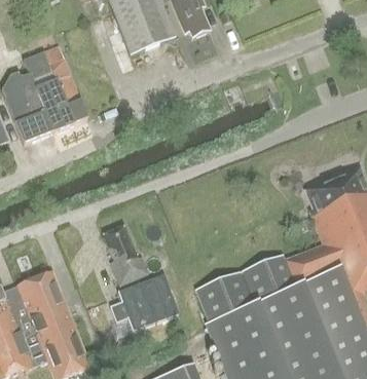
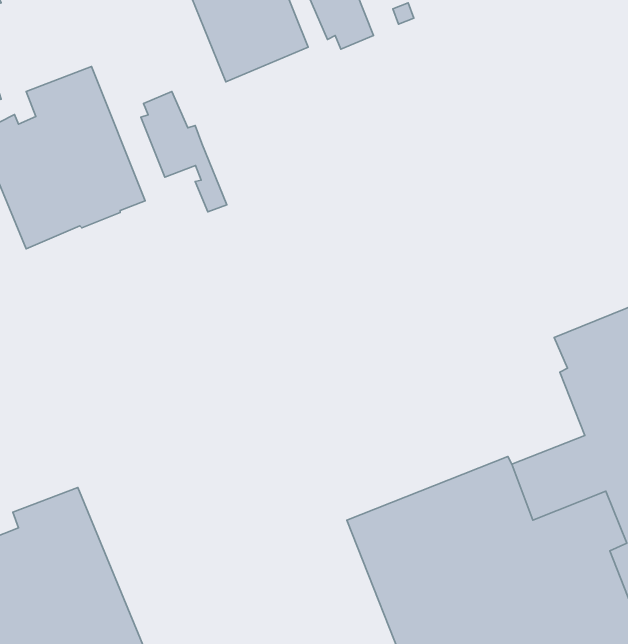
building: none -> [141,92,227,212]
building: [102,225,147,283] -> none
building: [108,273,178,330] -> none

